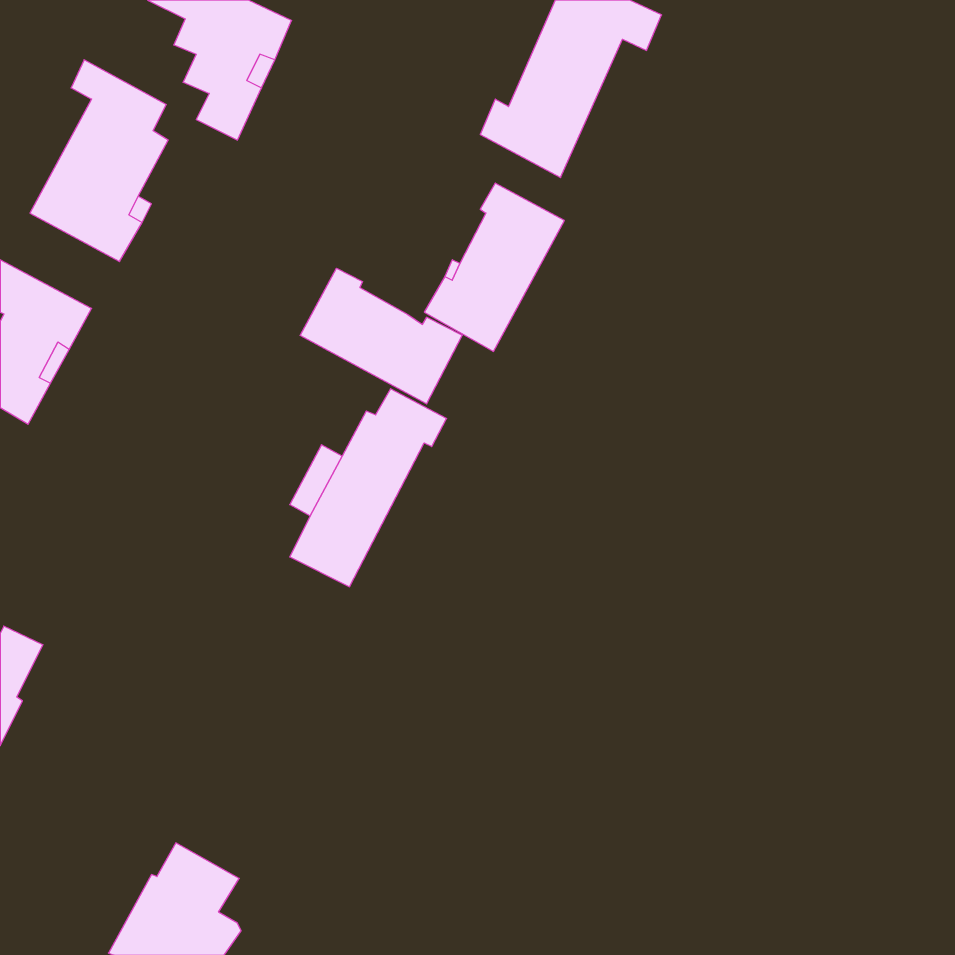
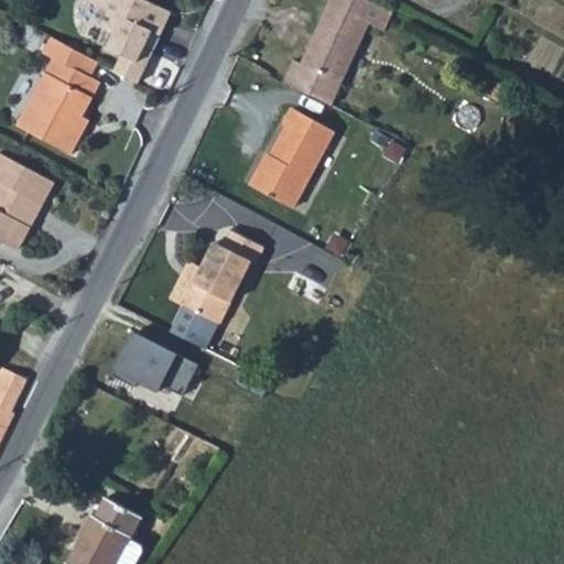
building: [300,268,462,404] -> none
building: none -> [108,326,193,391]

